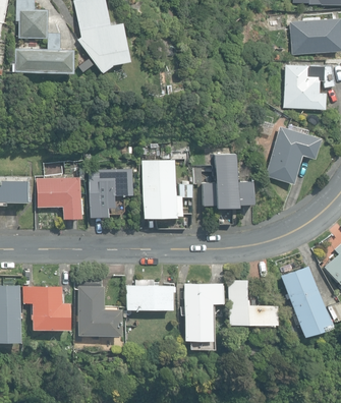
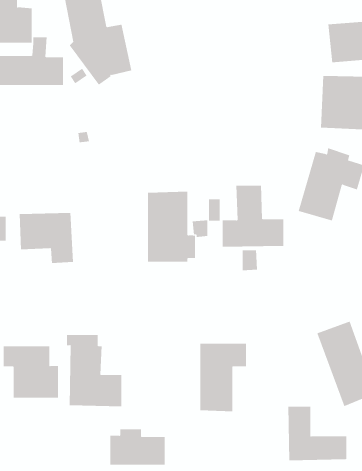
building: [88,168,132,218] -> none
building: [126,280,172,309] -> [109,429,165,465]
building: [227,280,276,325] -> [287,406,347,461]

